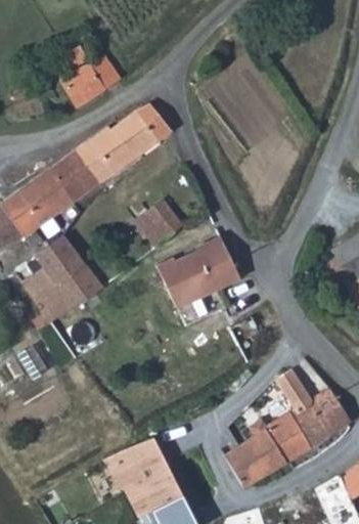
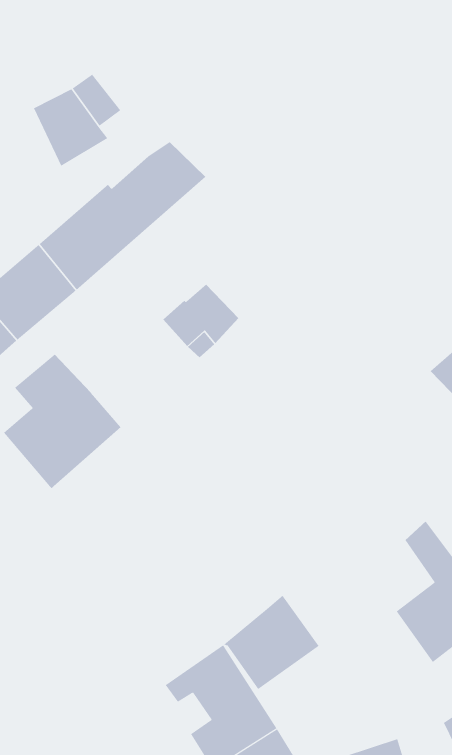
building: [156,235,238,308] -> none
building: [226,426,288,486] -> [224,595,319,690]

